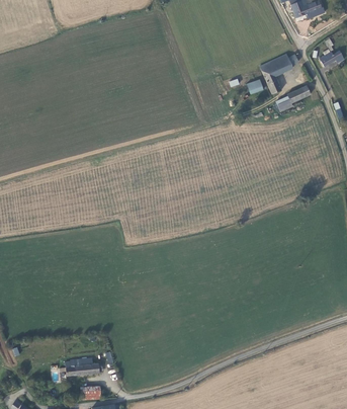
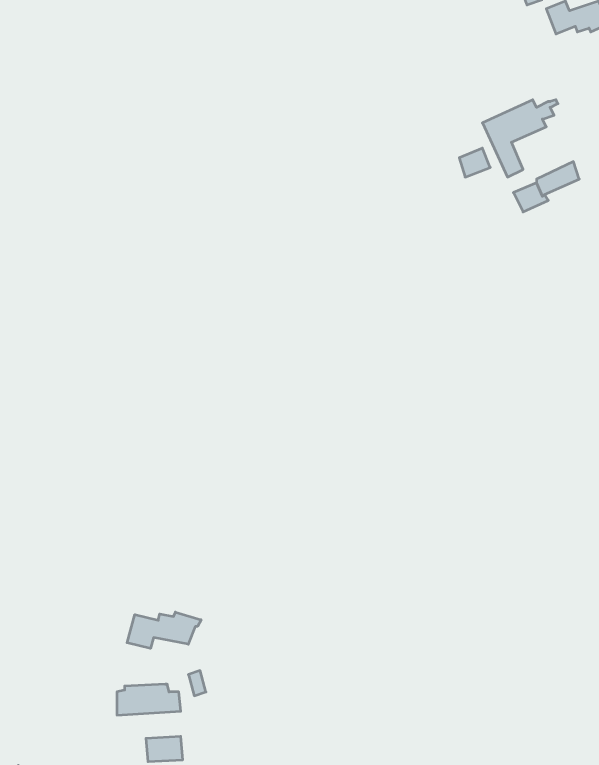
building: none -> [127,612,201,648]

